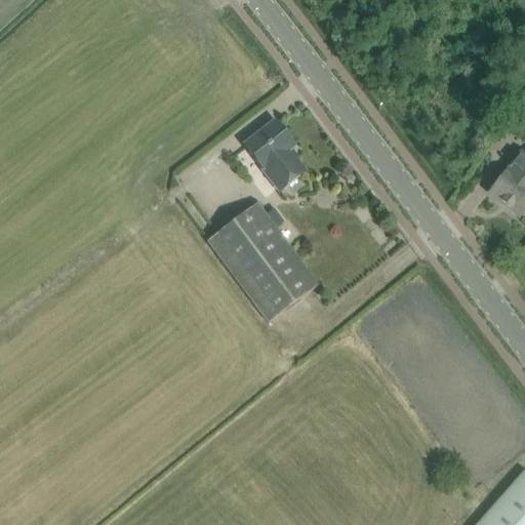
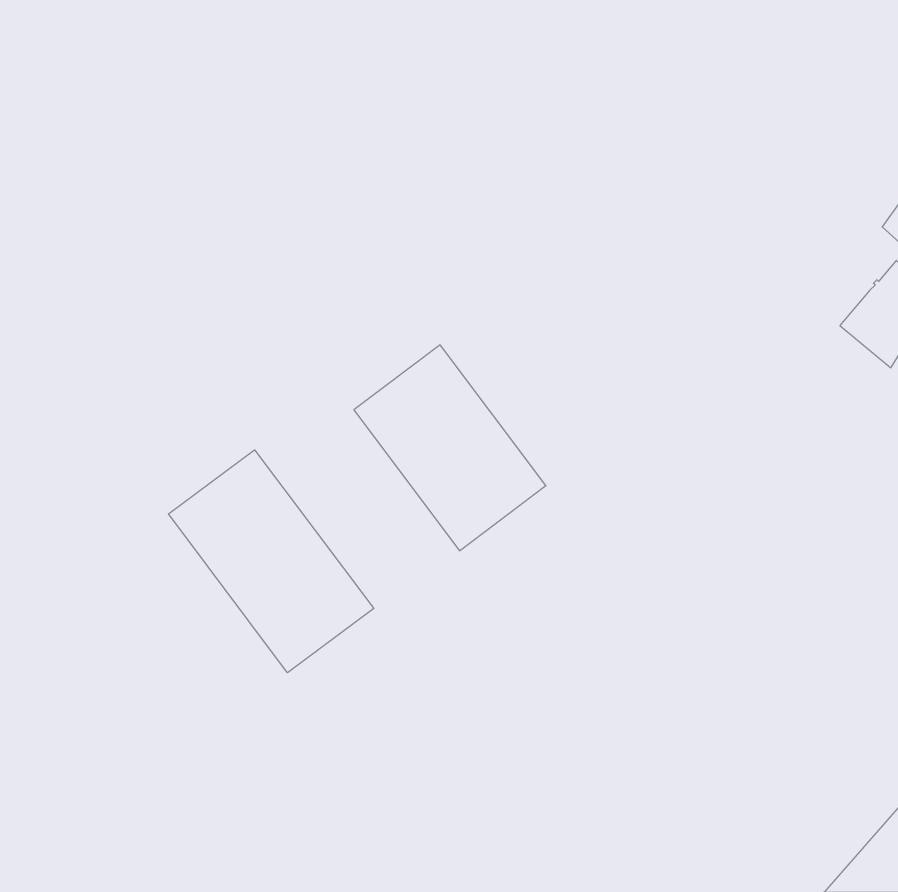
building: [244,120,306,190] -> none
building: none -> [168,450,374,673]

